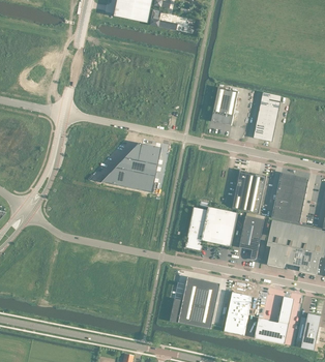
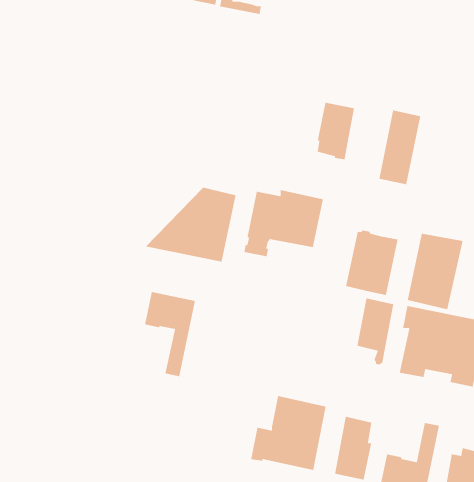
building: [184,205,237,249] -> [244,189,324,257]
building: none -> [144,291,196,377]

